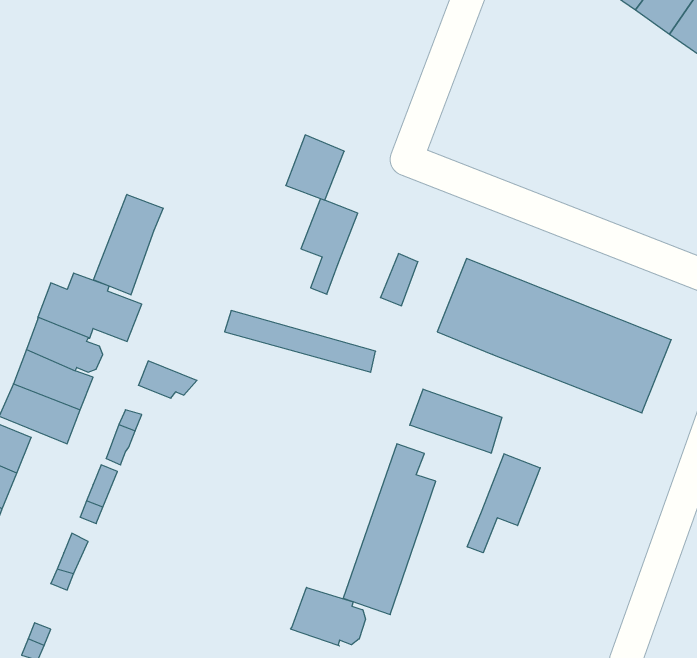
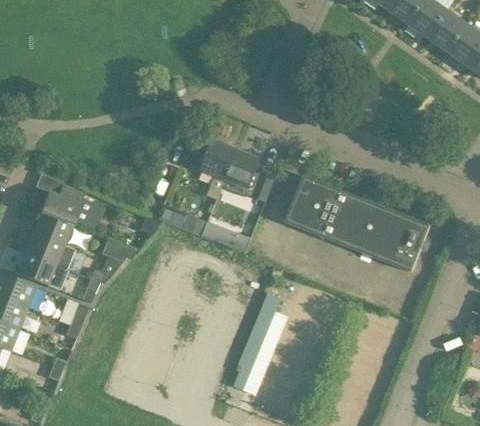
building: [286,135,344,200] -> [225,149,261,189]
building: [93,194,163,295] -> none
building: [410,389,502,453] -> none
building: [467,454,540,553] -> none
building: [291,587,366,646] -> none

